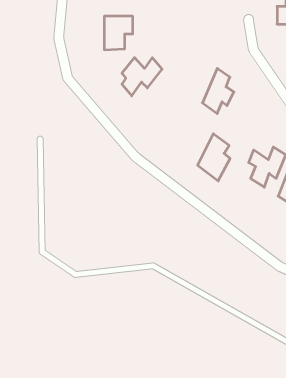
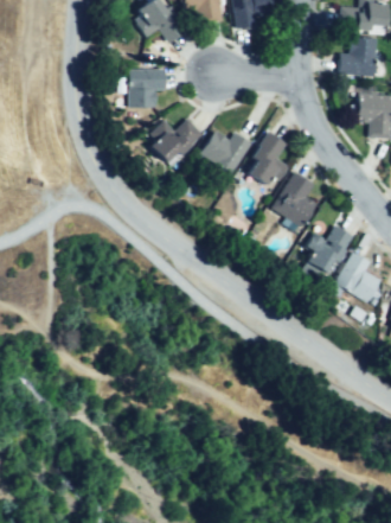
building: none -> [201,127,248,173]
building: [198,134,230,181] -> [276,172,315,229]

